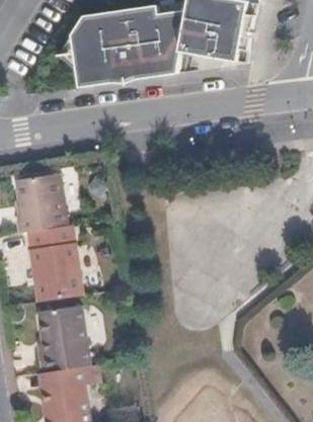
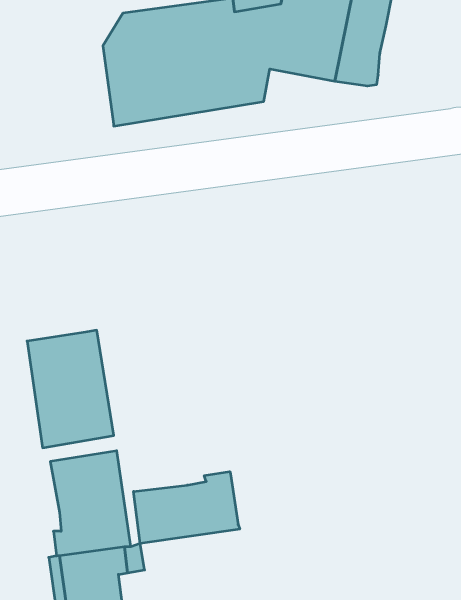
building: [12,171,64,232] -> none
building: none -> [134,472,240,544]

